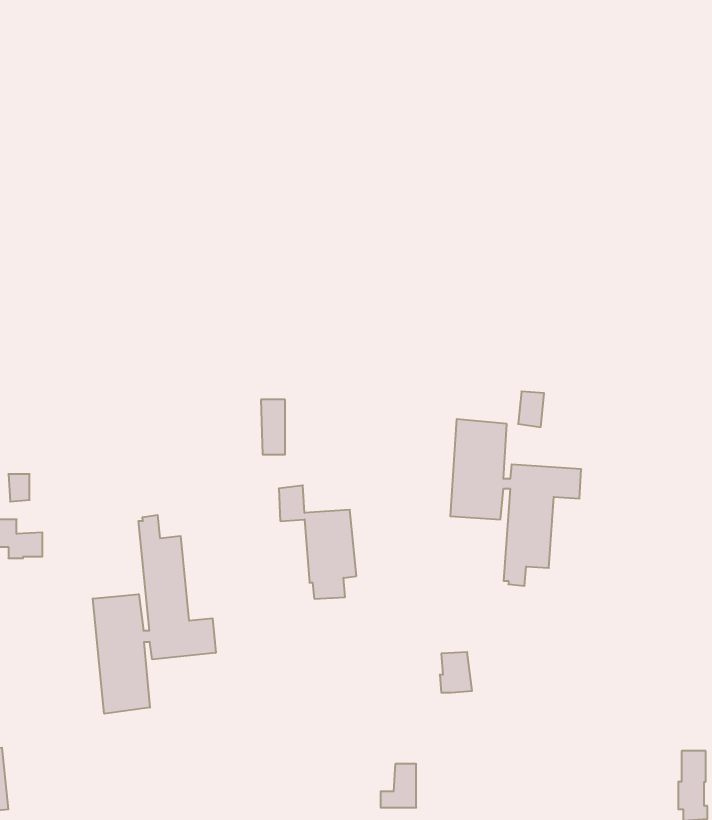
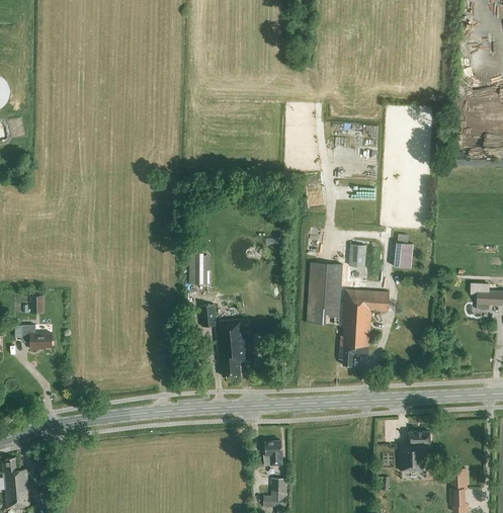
building: none -> [394,243,413,268]
building: [93,515,216,714] -> none
building: [440,652,472,693] -> [263,440,283,465]
building: none -> [399,430,430,469]

